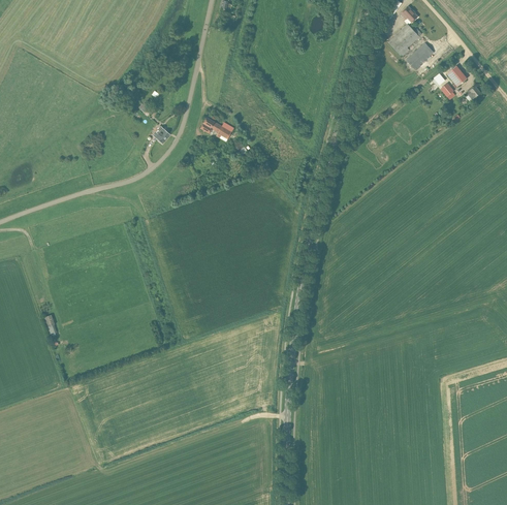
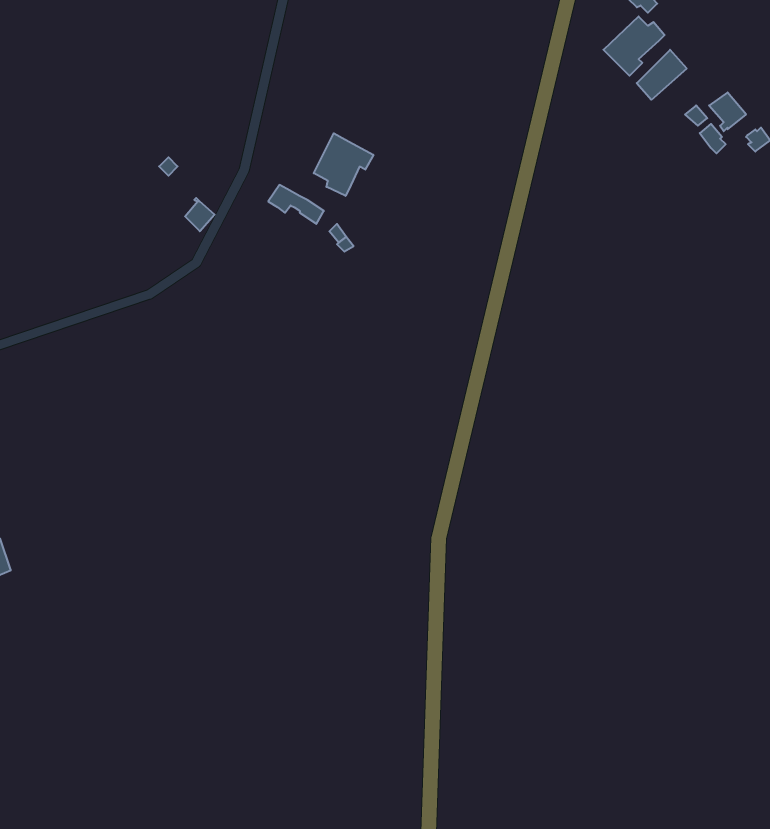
building: none -> [314,133,373,196]

